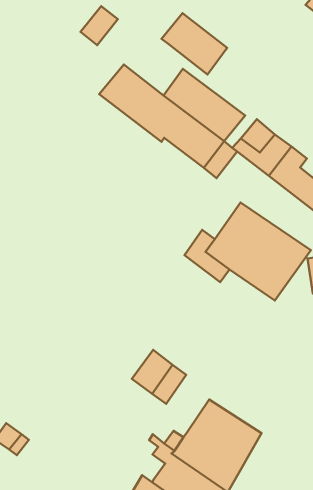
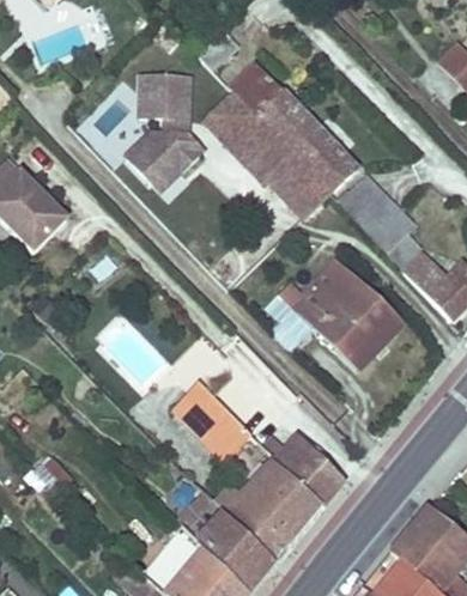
building: [162,13,227,75] -> [229,63,297,133]
building: none -> [126,69,206,188]
building: none -> [171,381,219,430]
building: none -> [262,436,342,509]

